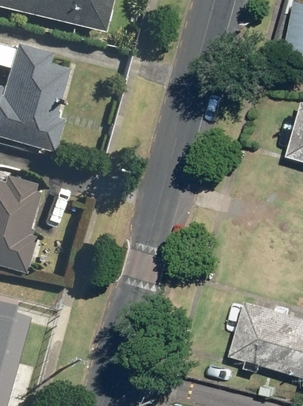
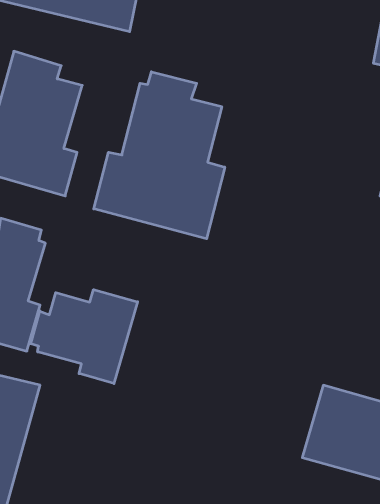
building: none -> [94,72,225,239]
building: none -> [31,290,138,384]

